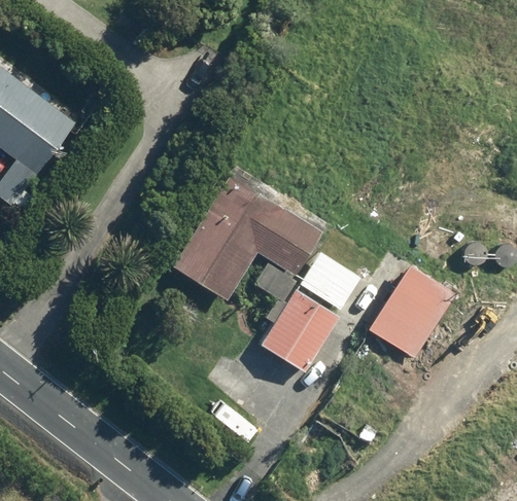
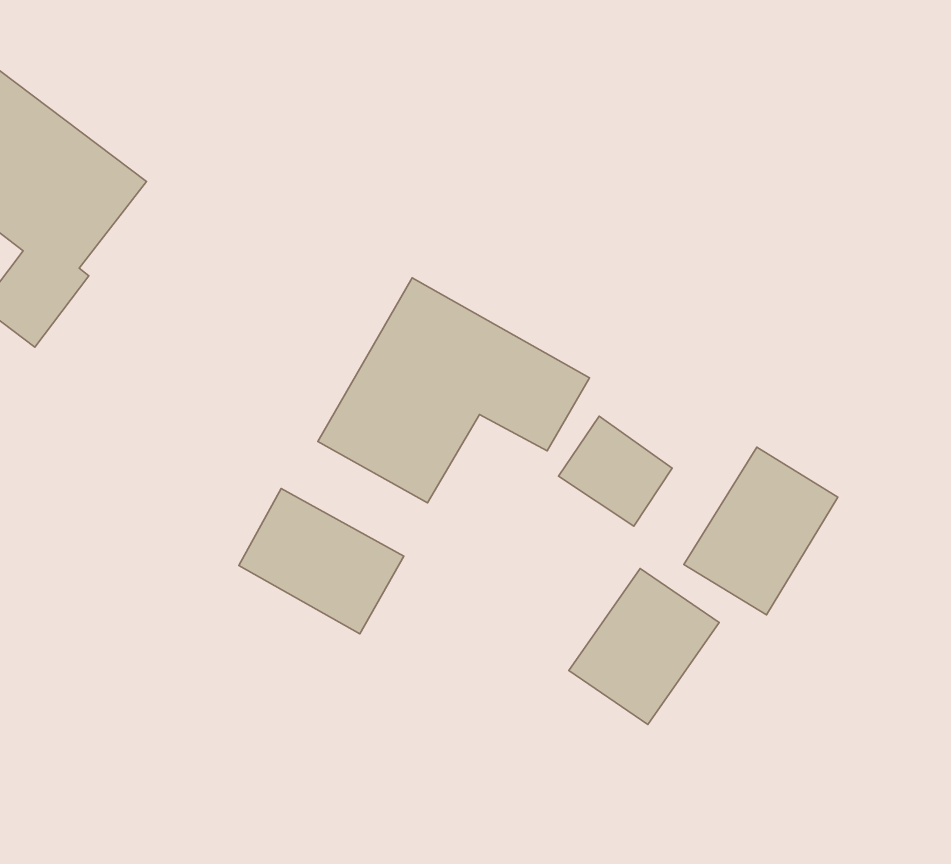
building: none -> [239,489,404,634]
building: [261,290,341,373] -> [569,568,719,724]

